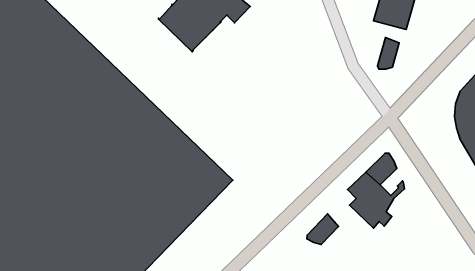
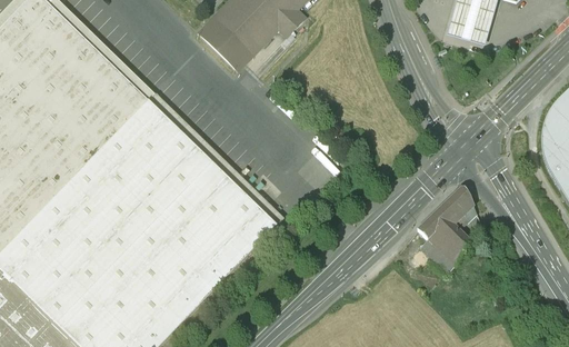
building: [378,38,399,69] -> none
building: [307,214,339,244] -> none

